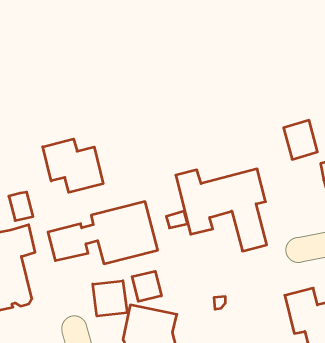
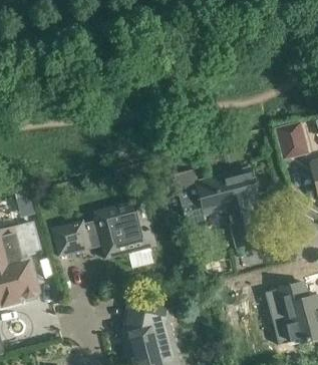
building: [43,139,103,192] -> none
building: [132,271,161,301] -> none
building: [93,281,127,316] -> none

